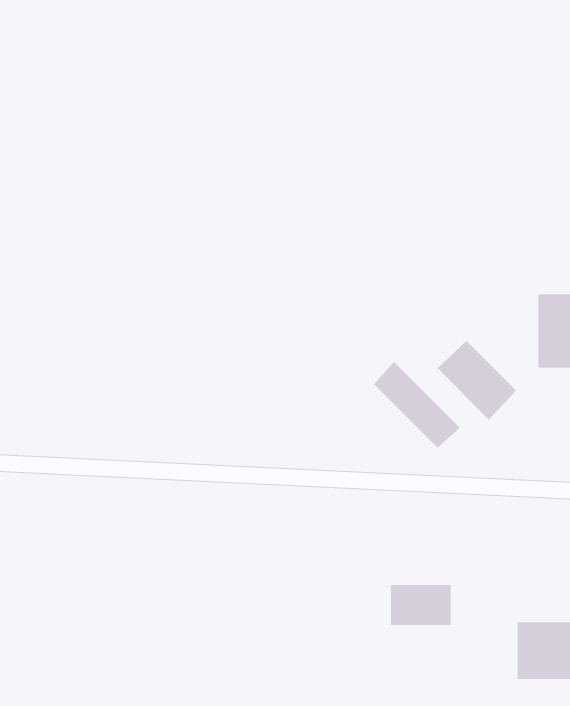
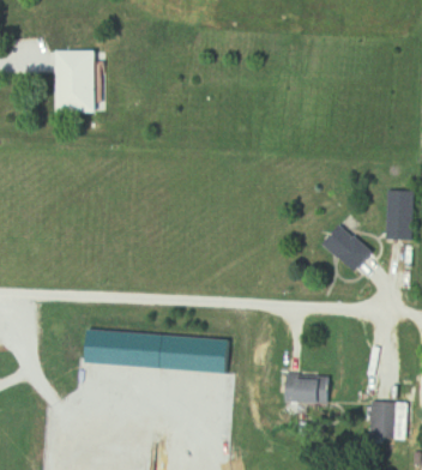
building: none -> [62,50,97,110]
building: [373,361,461,448] -> none

